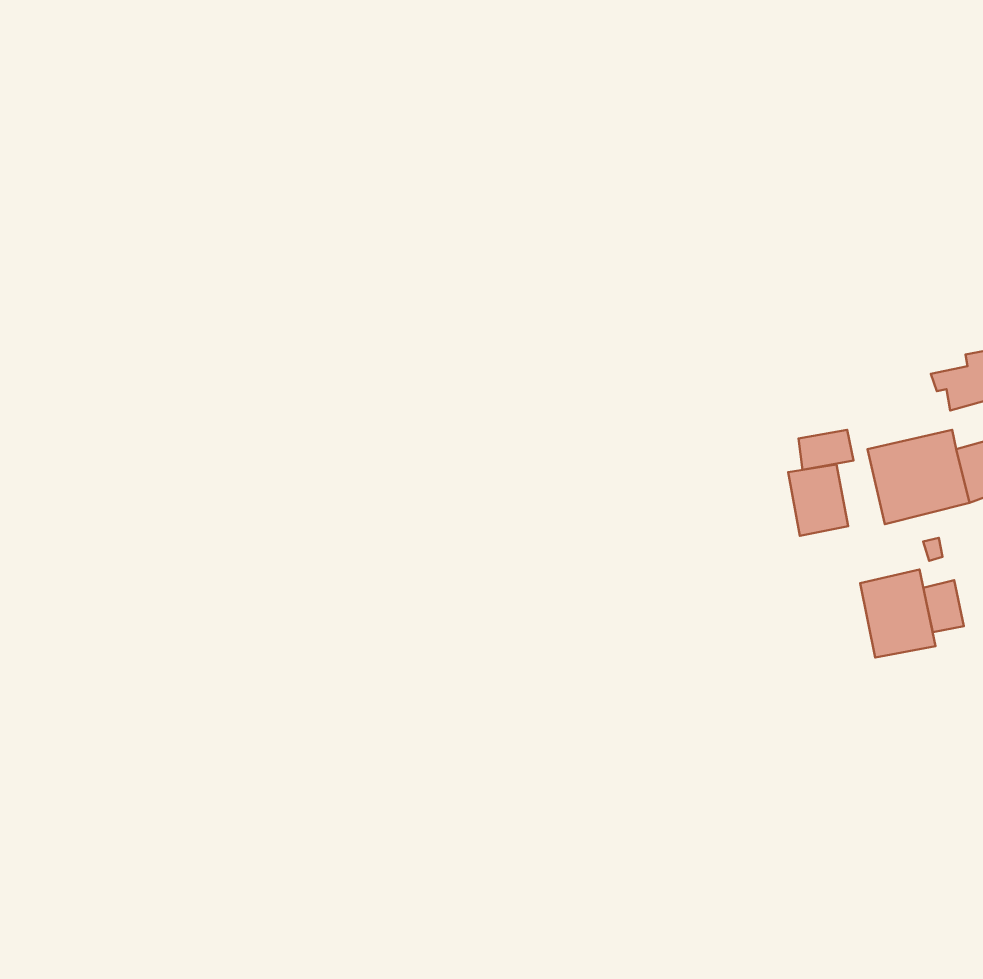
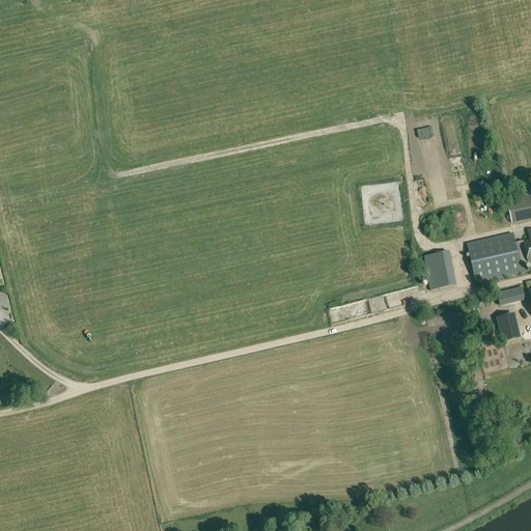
building: [798,430,854,470] -> none
building: [860,570,935,658] -> none

